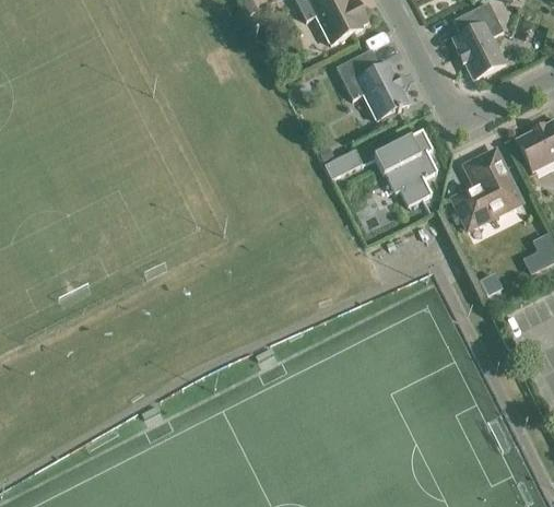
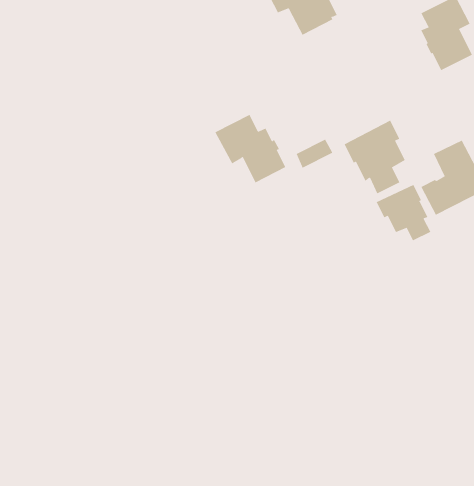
building: [335,49,409,120] -> [215,114,286,183]
building: none -> [376,184,431,241]

